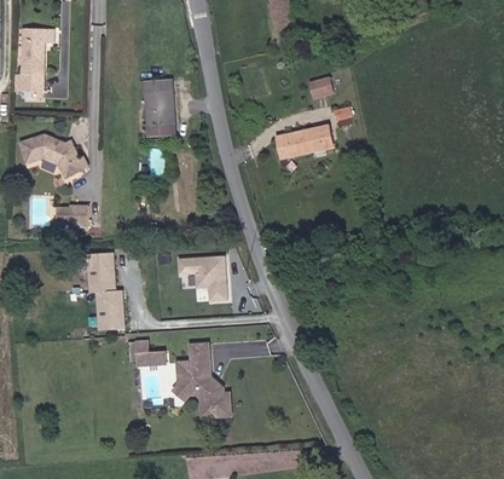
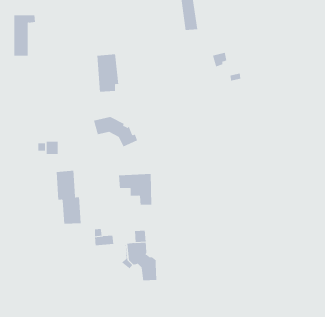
building: [273,128,326,161] -> none
building: [19,134,85,179] -> [93,116,138,147]

